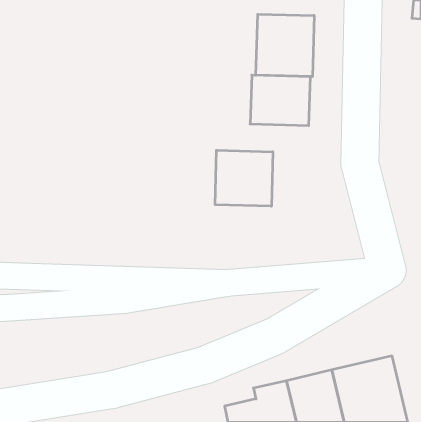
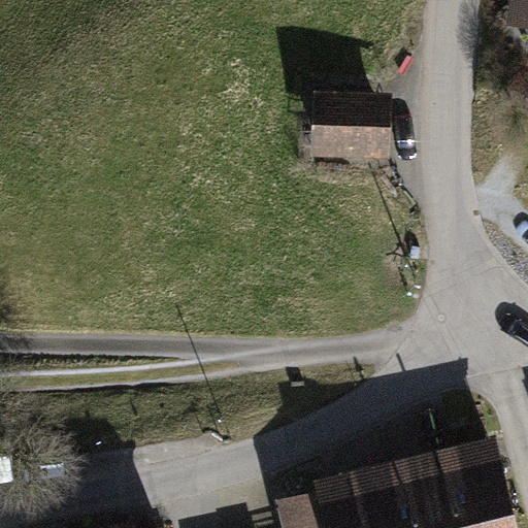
building: [256,14,314,77] -> none
building: [215,150,273,206] -> none

